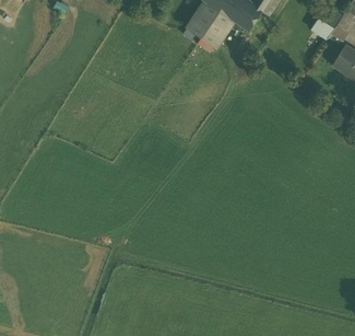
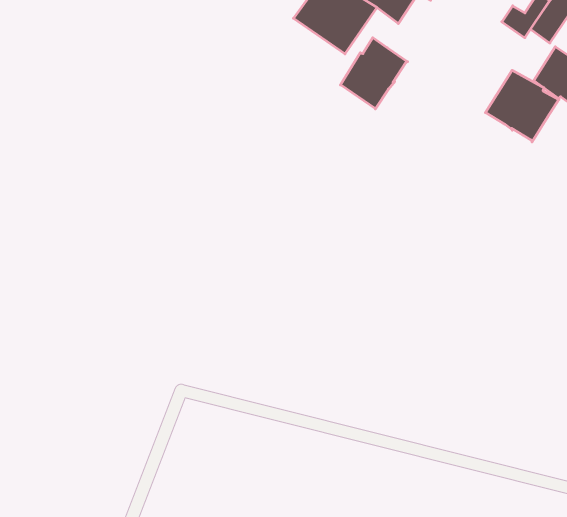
building: none -> [340,38,408,109]
building: none -> [485,70,559,142]

